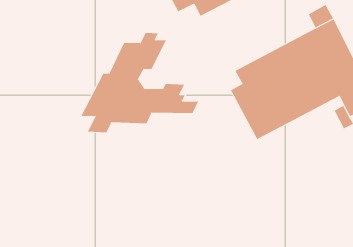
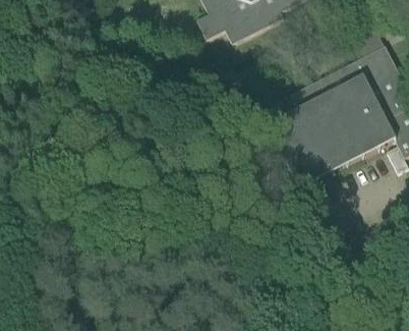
building: [81,32,199,133] -> none

